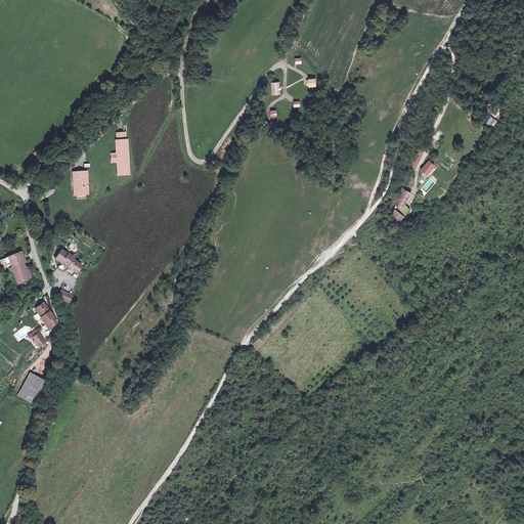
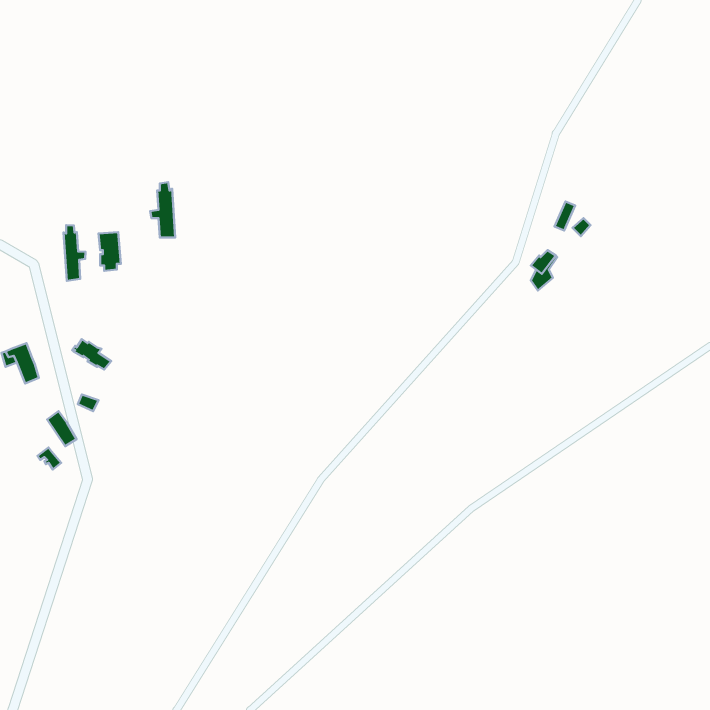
building: none -> [64,225,86,281]
building: [17,373,48,405] -> none

